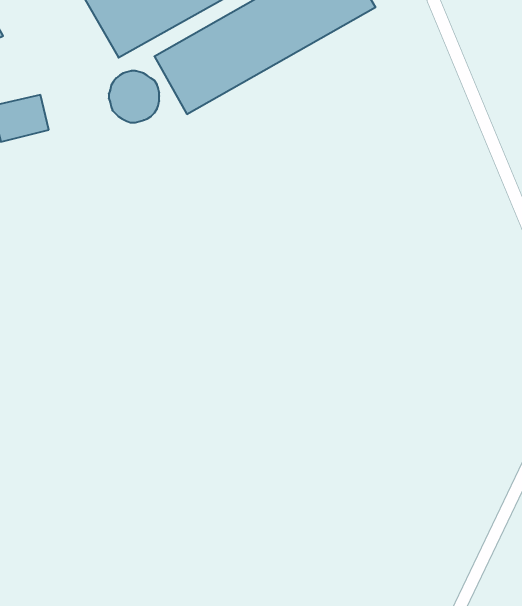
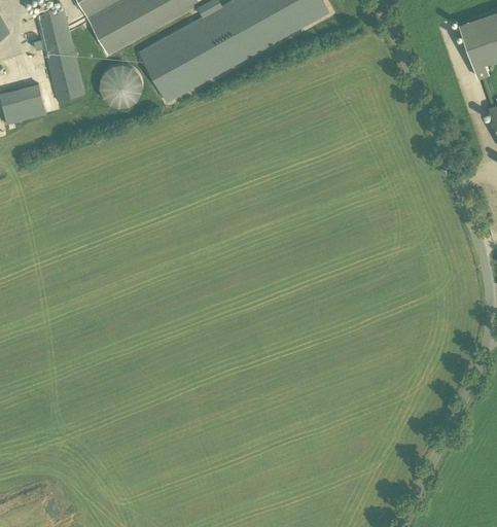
building: none -> [36,10,85,102]

